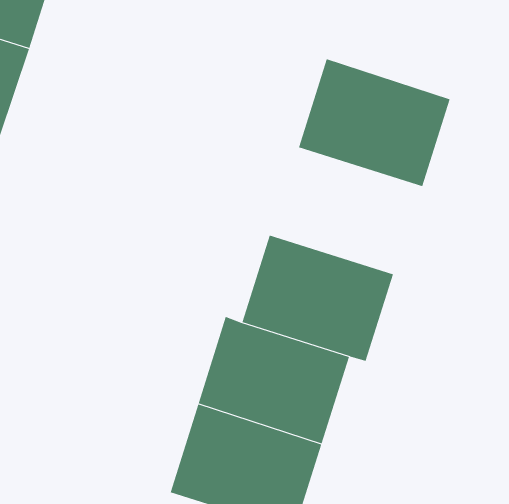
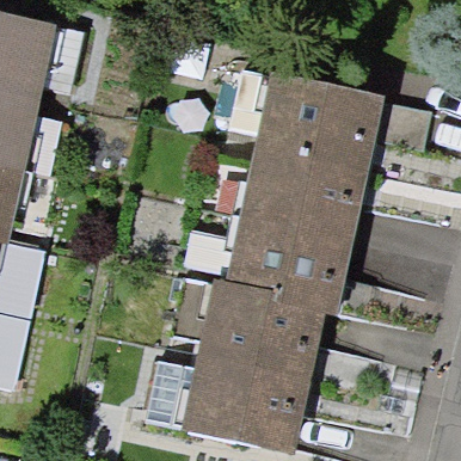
building: none -> [242,150,358,241]

